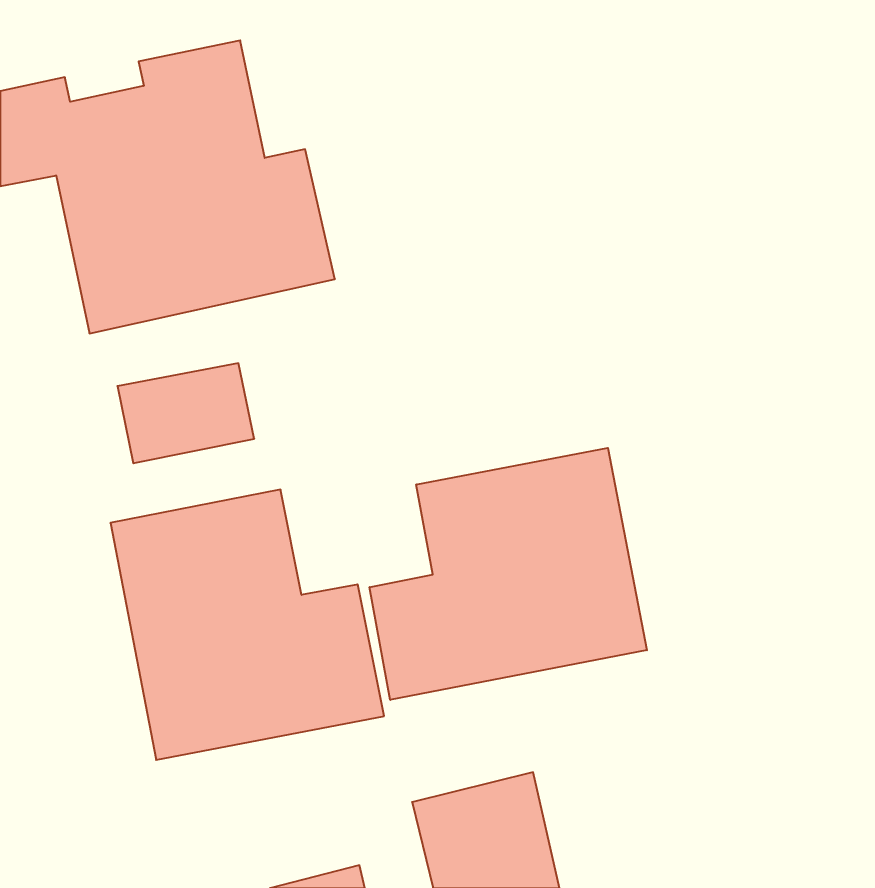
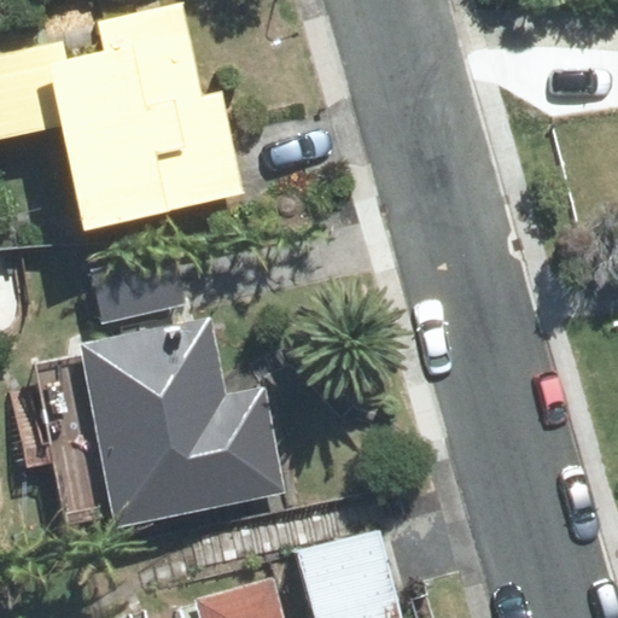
building: [370,448,647,700] -> none

